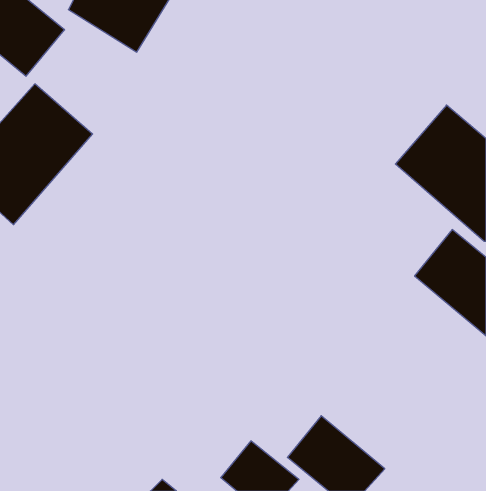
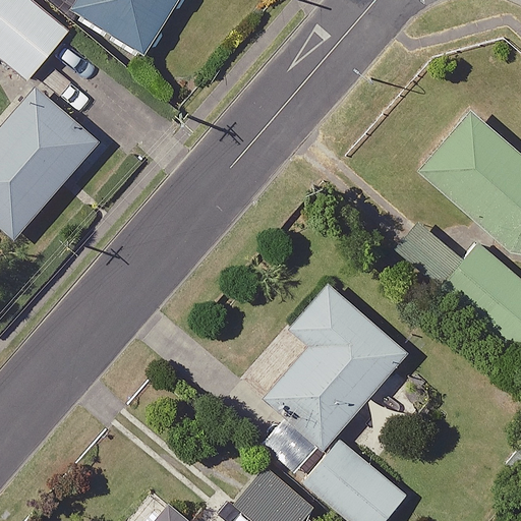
building: none -> [263,285,409,452]

